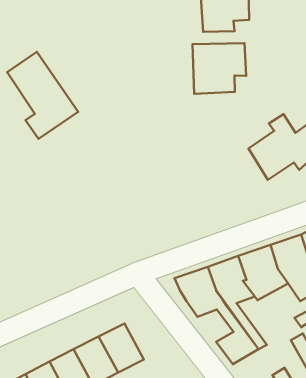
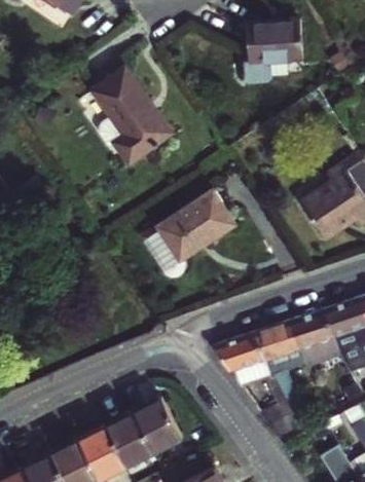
building: [192,43,246,94] -> none
building: [7,52,78,139] -> [89,68,169,164]
building: none -> [150,194,227,268]

